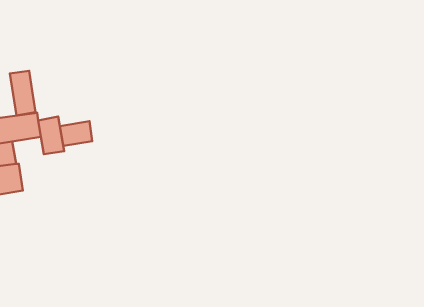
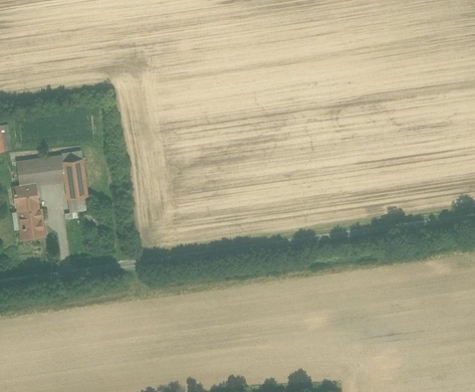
building: [10,71,35,116] -> none
building: [60,121,92,146] -> none

